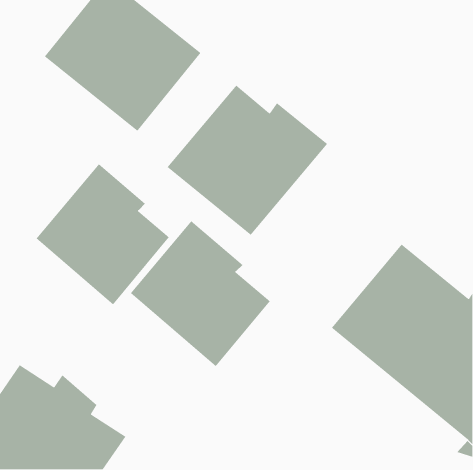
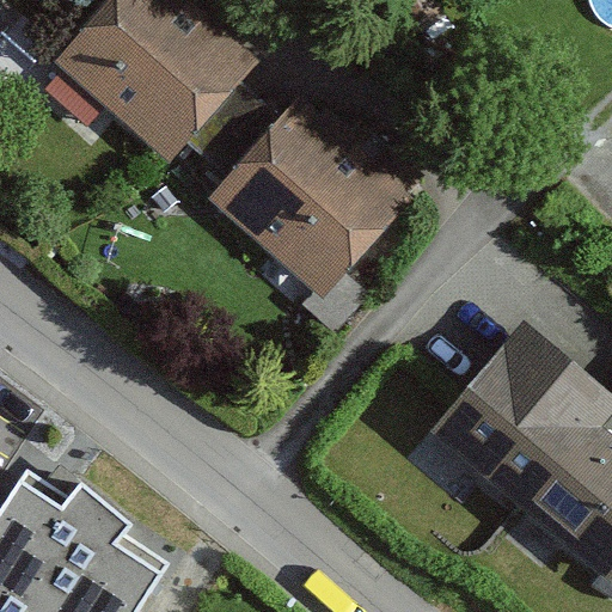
building: [36,163,170,305] -> none
building: [130,220,271,367] -> none

